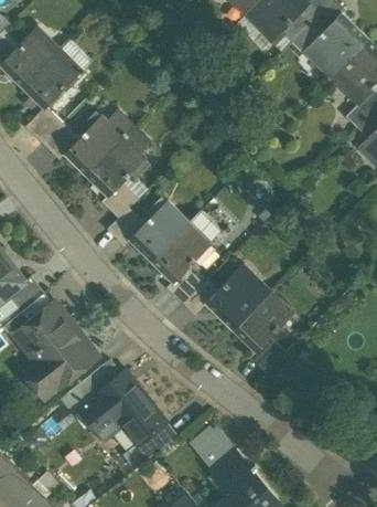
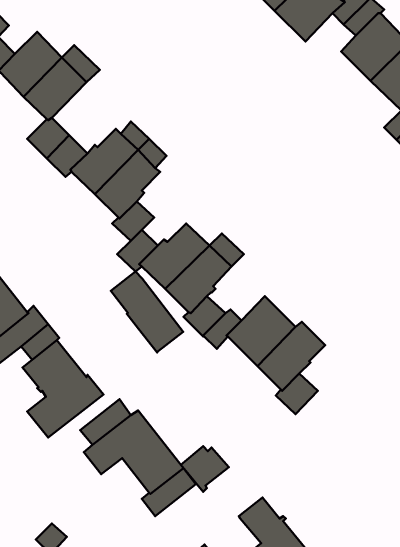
building: none -> [111,271,183,352]
building: [193,430,236,471] -> [181,446,229,492]

